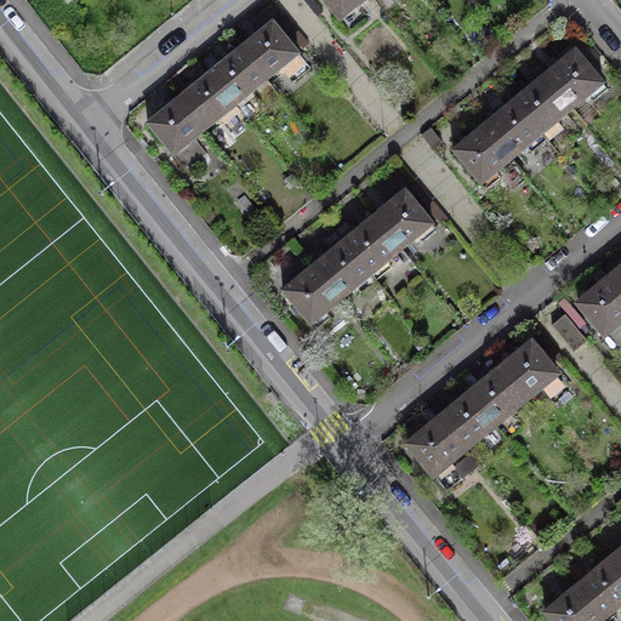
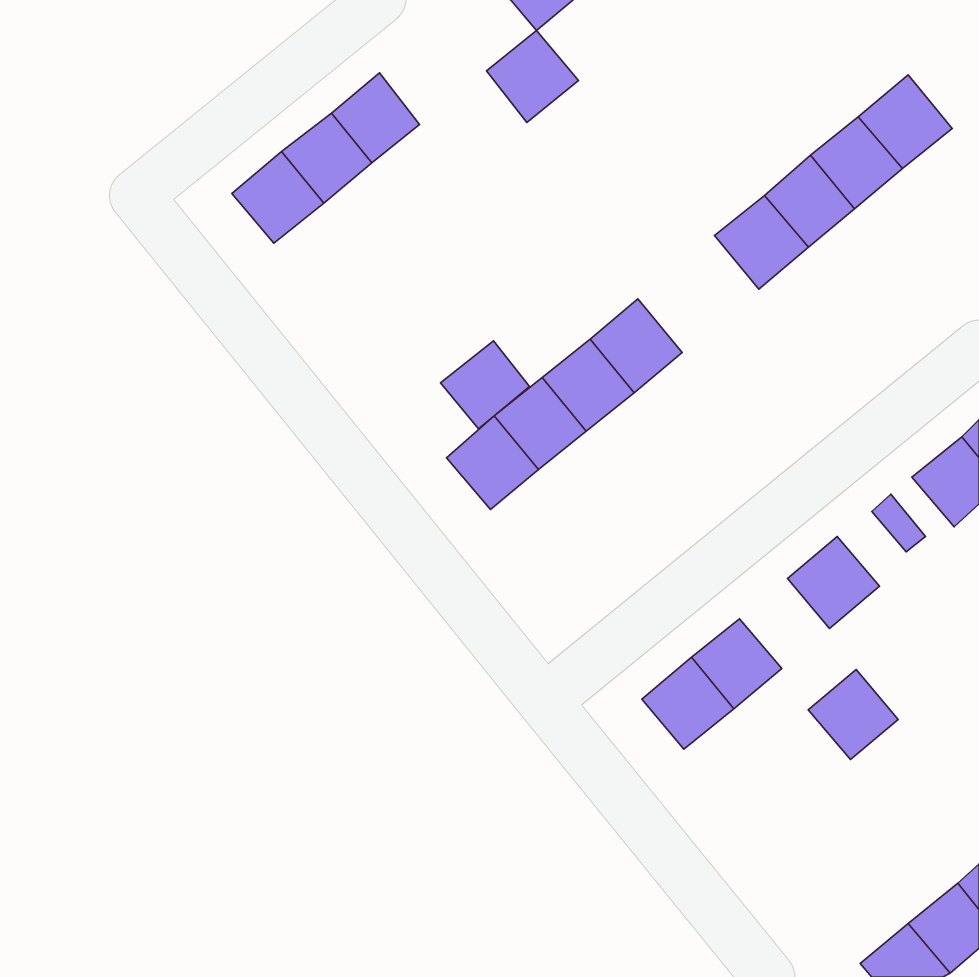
building: [240,21,298,79] -> [487,31,579,123]
building: none -> [441,341,530,429]
building: [468,366,525,423] -> [808,670,898,760]

